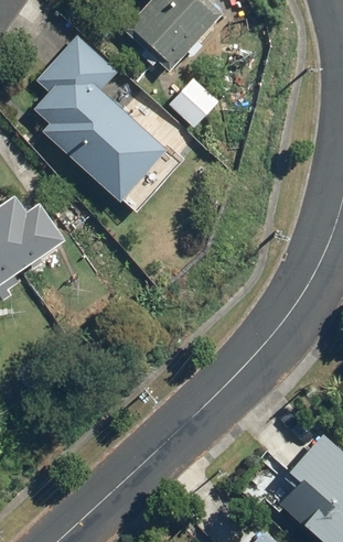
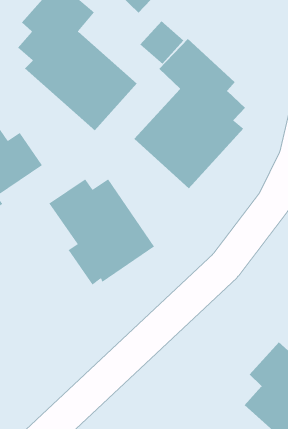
building: none -> [133,38,246,189]
building: none -> [49,178,155,285]

